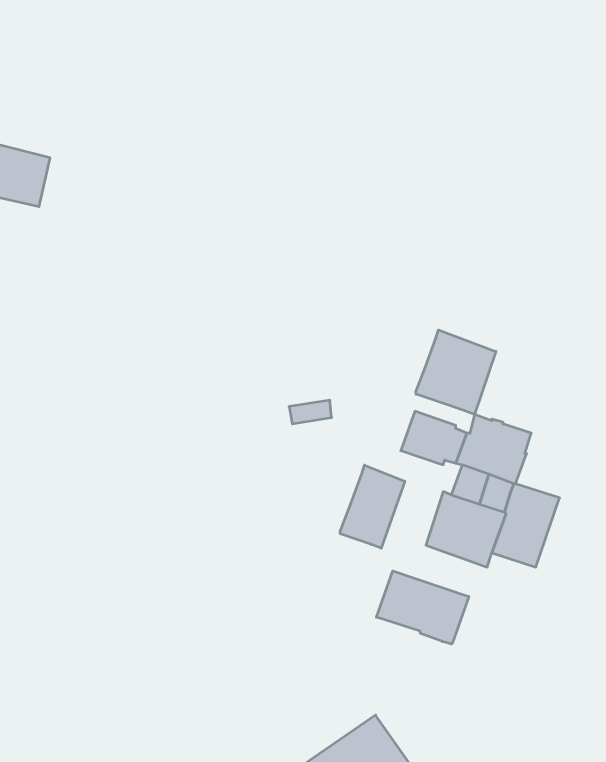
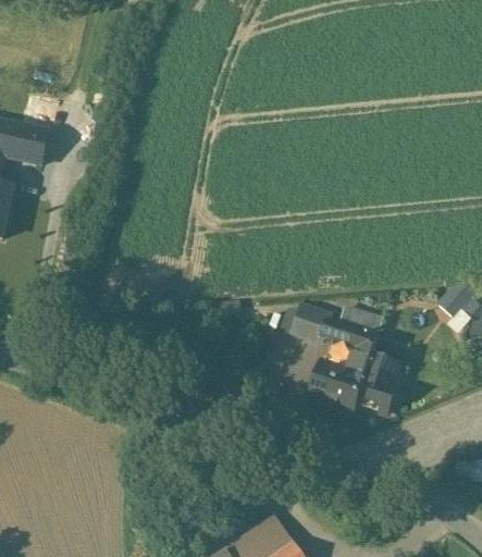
building: [416,330,496,414] -> none
building: [340,465,405,548] -> none
building: [376,571,469,644] -> none

